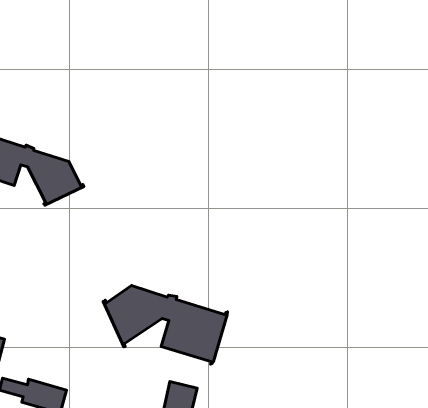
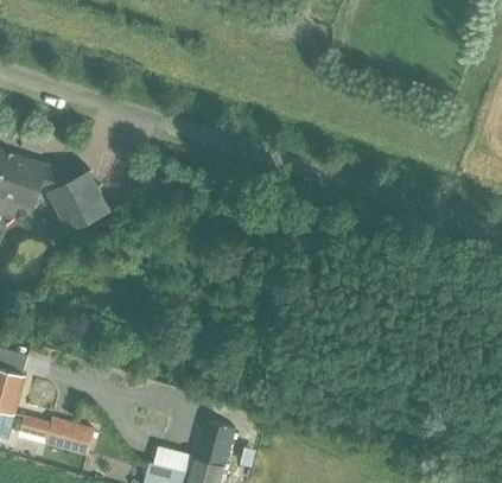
building: [103,286,227,364] -> none

